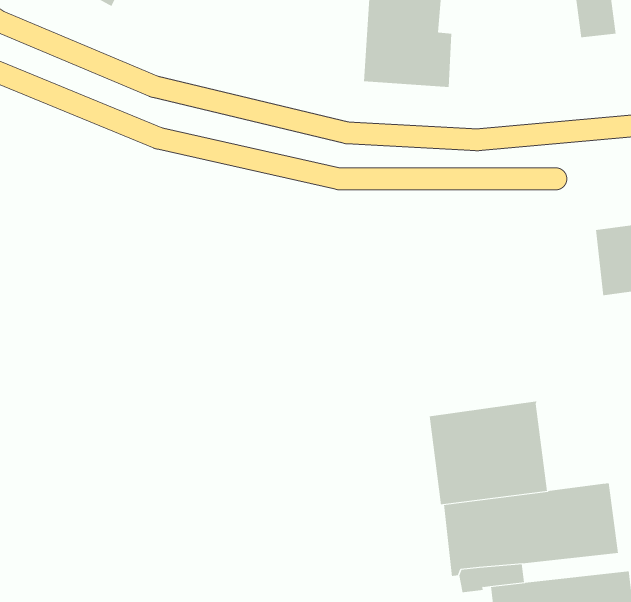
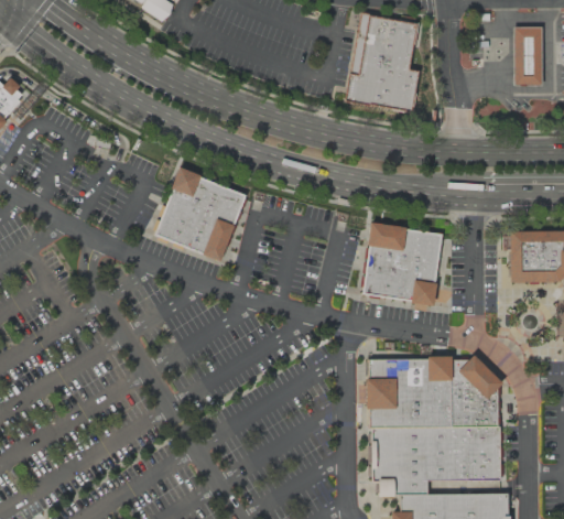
building: none -> [156,166,247,260]
building: none -> [364,223,444,303]
building: none -> [452,353,506,426]

